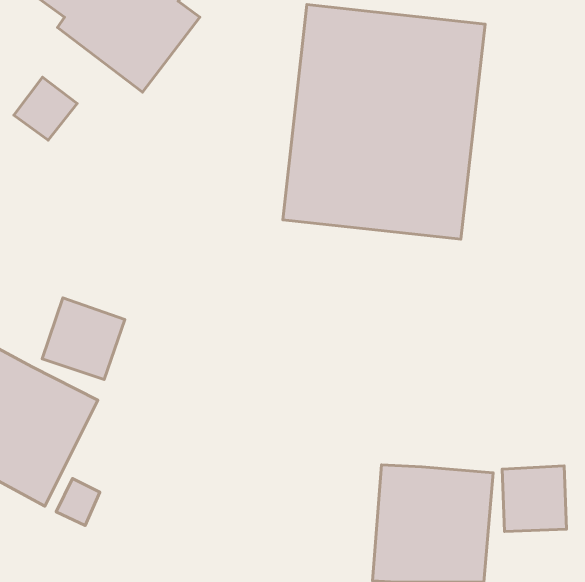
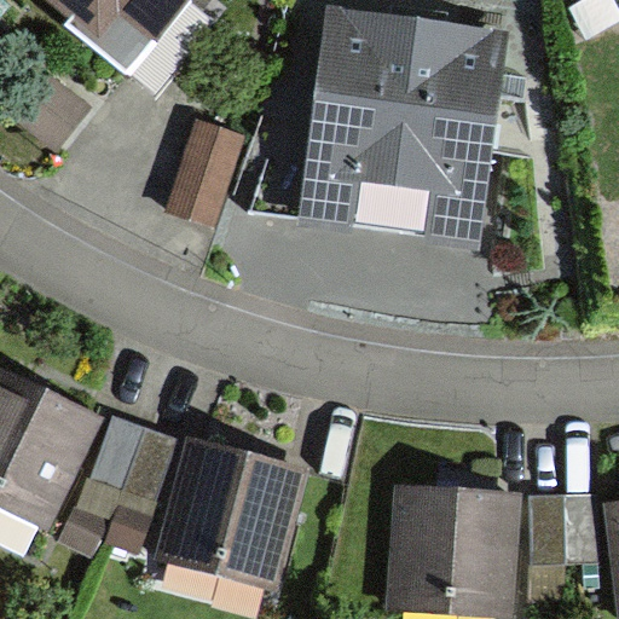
building: none -> [162,120,242,226]
building: [42,298,125,379] -> [88,411,175,497]
building: none -> [152,435,308,590]

